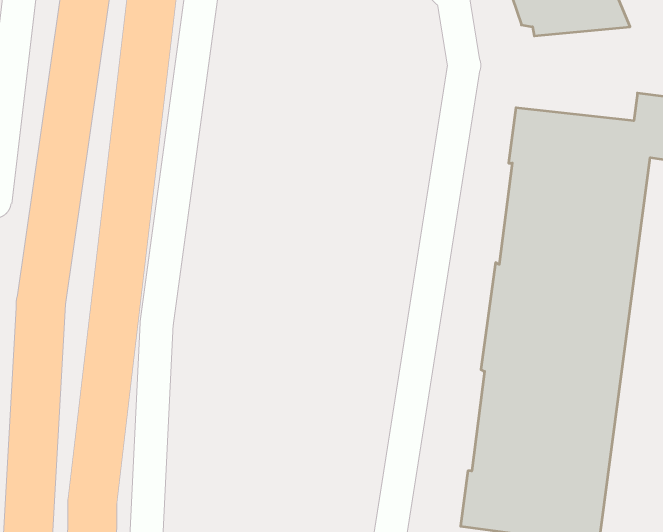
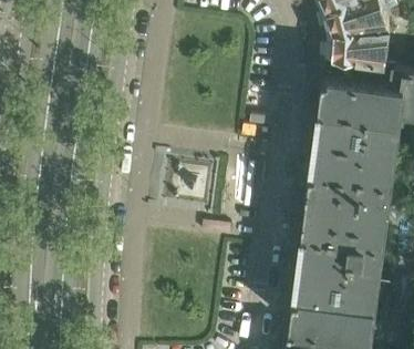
building: none -> [325,34,391,73]

